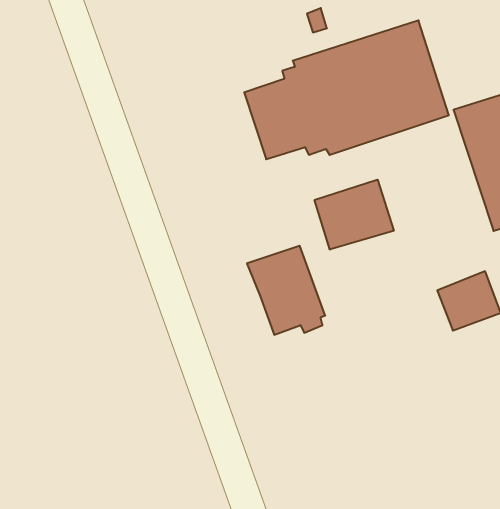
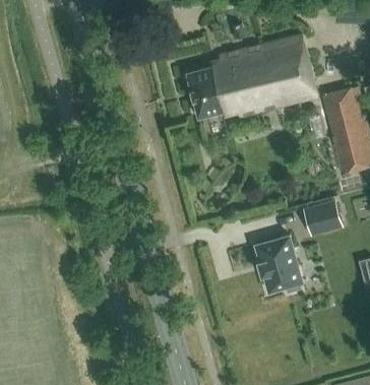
building: [315,180,394,250] -> none
building: [247,246,325,335] -> [253,235,301,291]

